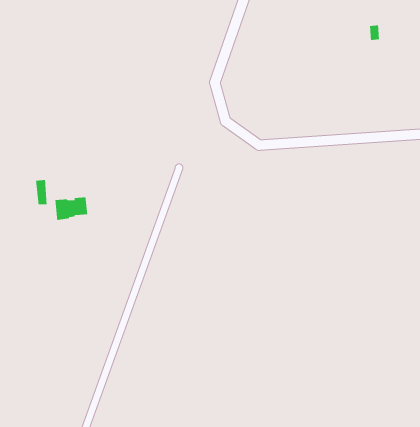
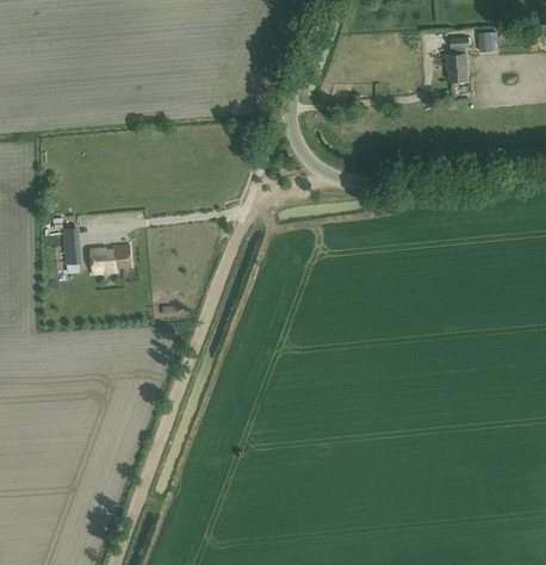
building: none -> [446,38,469,80]

